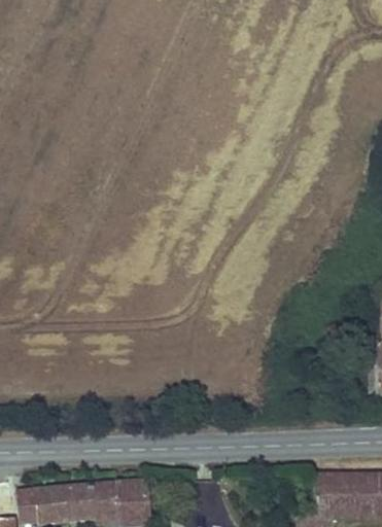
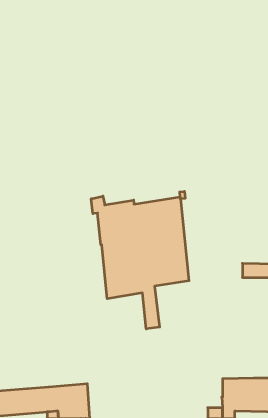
building: none -> [91,191,189,329]

